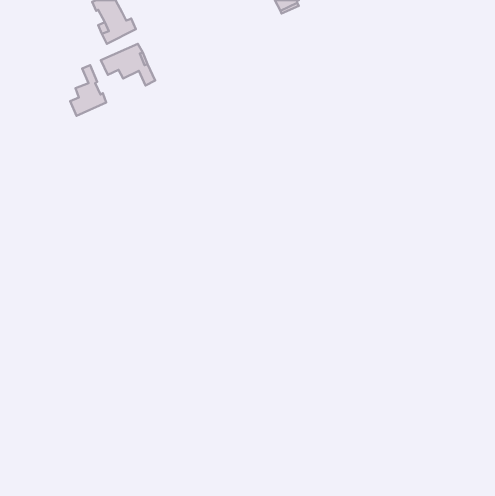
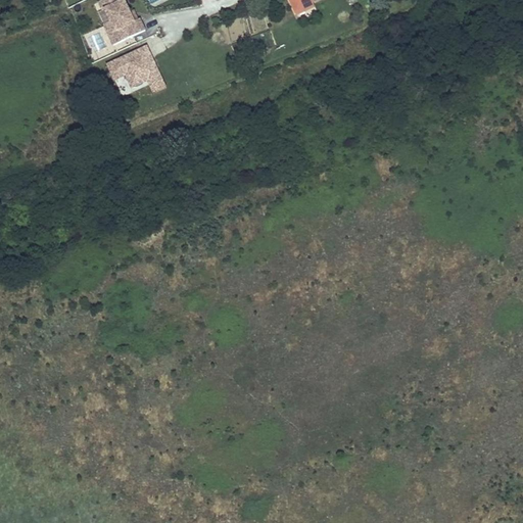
building: [70,65,106,116] -> none

